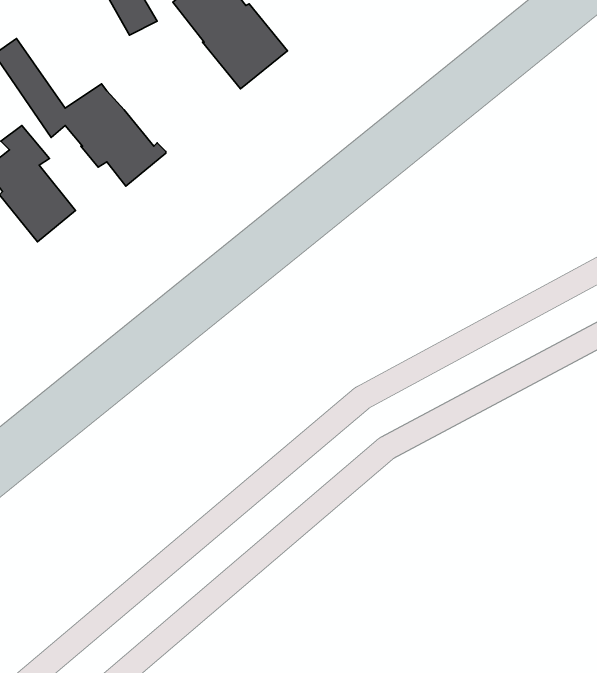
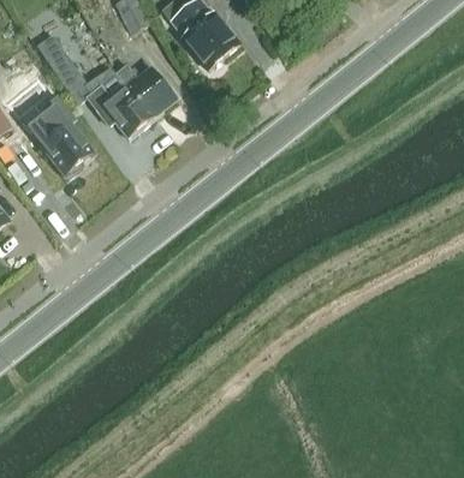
building: none -> [114,61,177,112]

